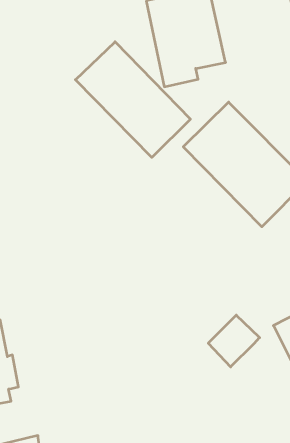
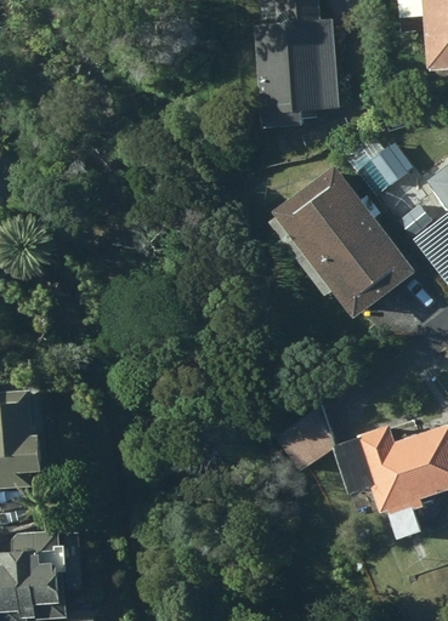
building: [75,42,190,157] -> none

